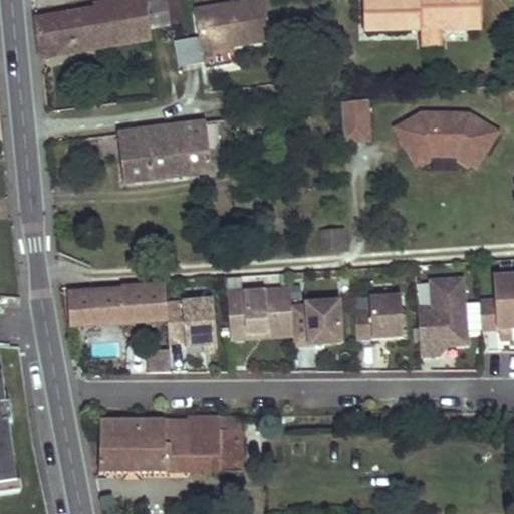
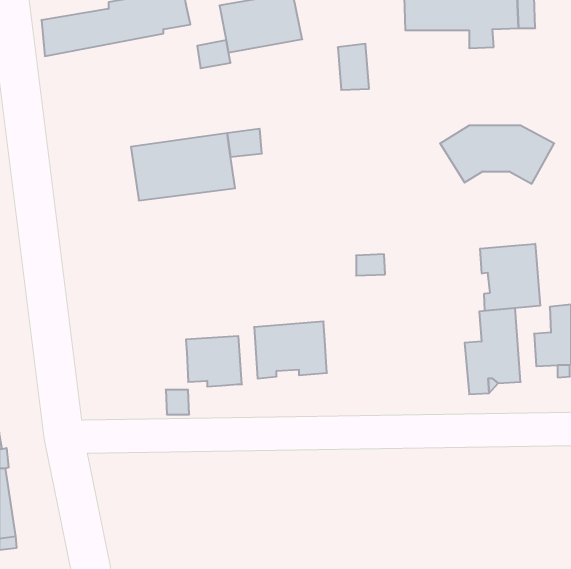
building: [340,98,368,140] -> [338,44,369,90]
building: none -> [480,244,540,311]
building: [67,282,168,322] -> none
building: [354,293,404,339] -> none
building: [291,300,341,345] -> none
building: [100,416,242,470] -> none

